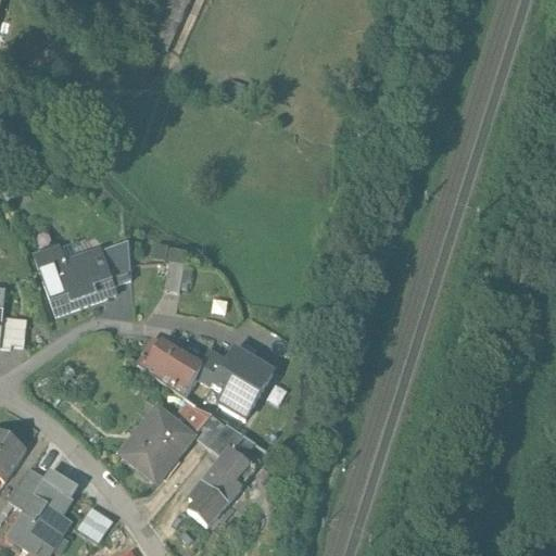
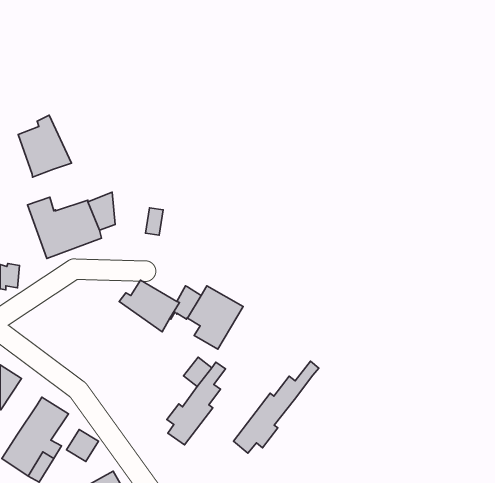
building: none -> [18,115,71,177]
building: [121,400,195,472] -> none
building: none -> [234,361,319,453]
building: [10,458,46,501] -> none

